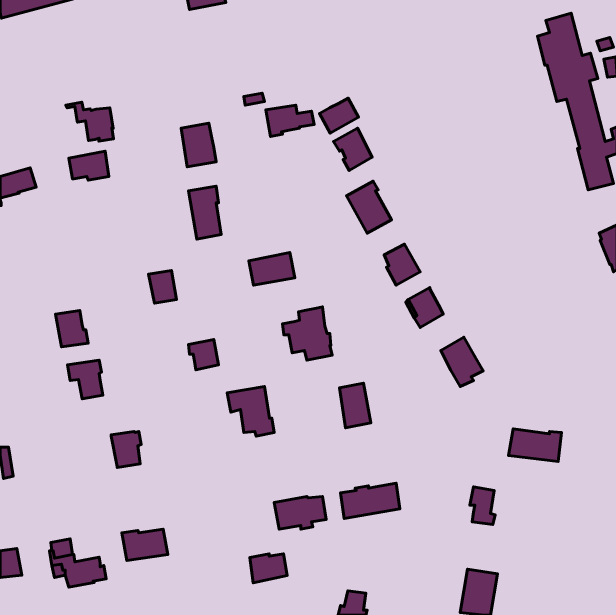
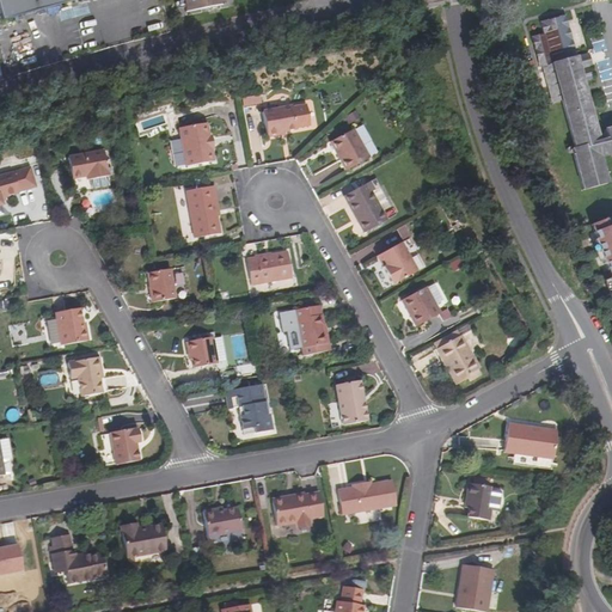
building: [319,98,359,133] -> none
building: [66,102,114,141] -> none
building: [250,554,287,583] -> [204,506,241,534]

